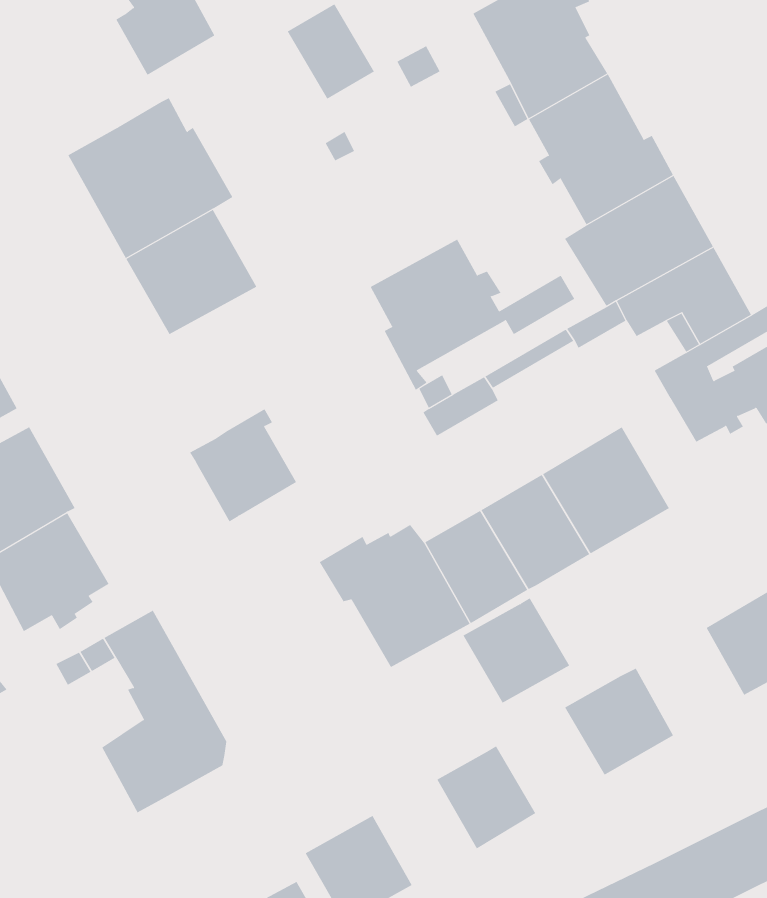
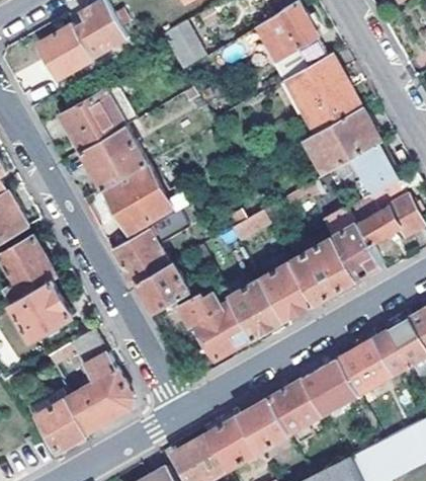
building: none -> [38,25,98,84]
building: [370,239,575,391] -> [102,165,206,242]
building: none -> [332,222,380,277]
building: none -> [138,262,189,311]
building: [462,598,570,703] -> [268,379,323,432]
building: none -> [339,338,394,393]
building: none -> [32,390,86,449]
building: none -> [205,415,258,469]

